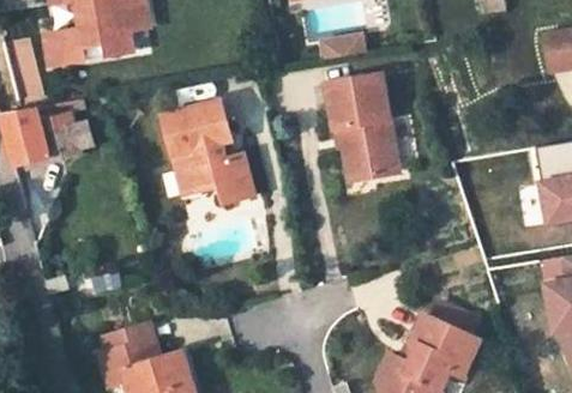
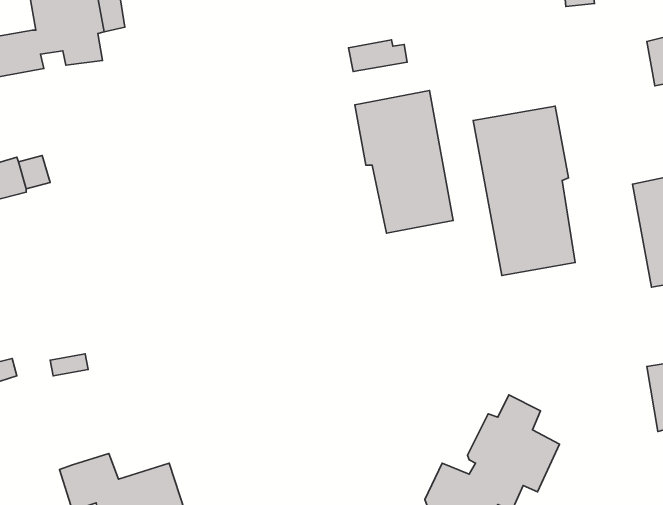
building: none -> [473,106,575,275]
building: [167,101,255,201] -> none
building: [106,326,164,367] -> none

